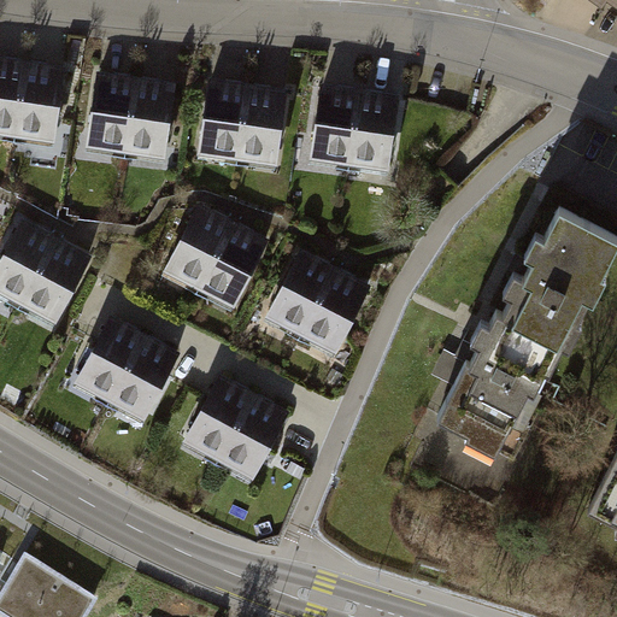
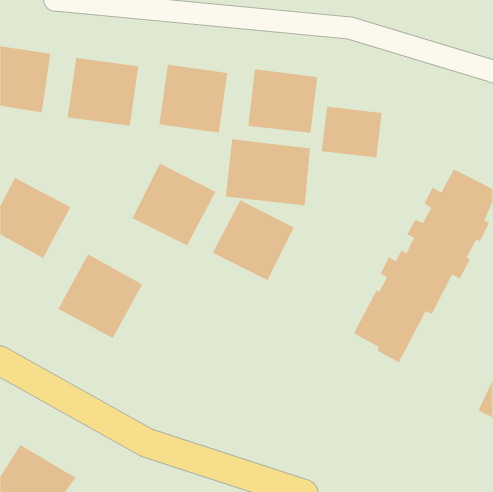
building: none -> [321,106,383,158]
building: none -> [225,139,311,206]
building: [177,377,284,482] -> none

